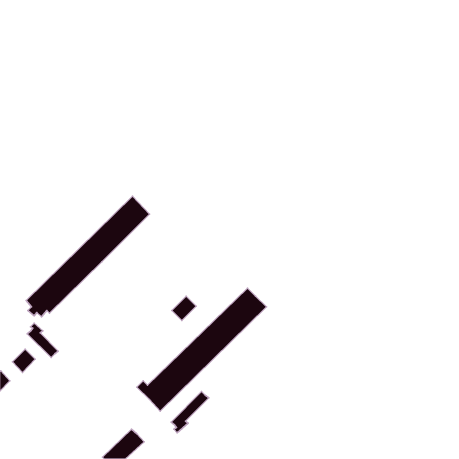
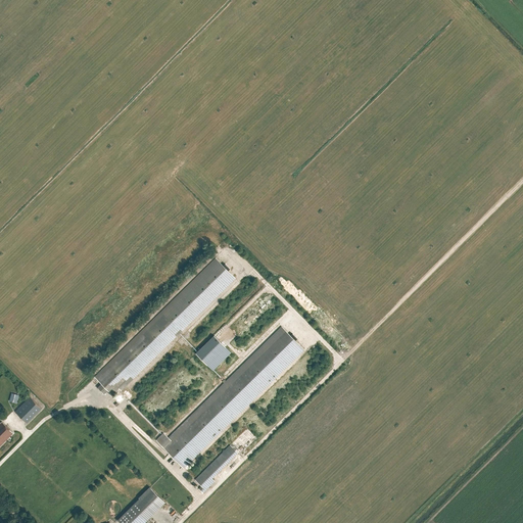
building: [26,196,149,317] -> [94,257,234,394]
building: [27,323,58,358] -> none

